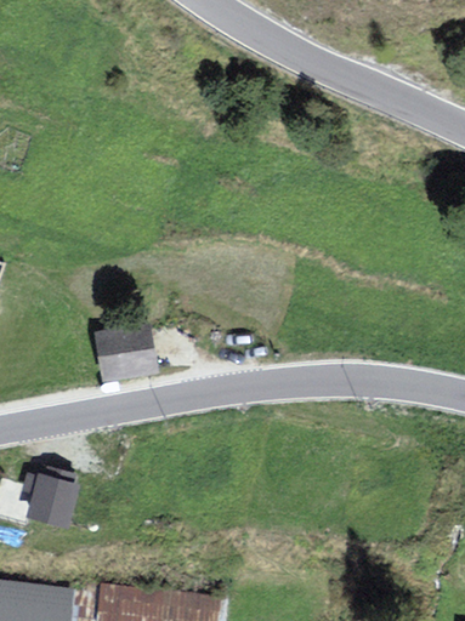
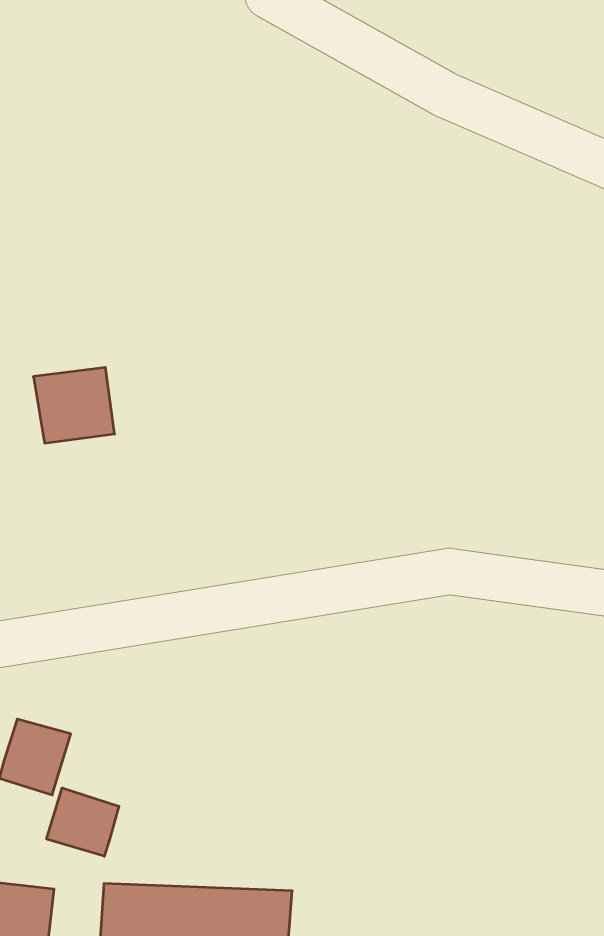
building: [97,325,151,375] -> [33,367,115,443]
building: none -> [47,788,119,856]

